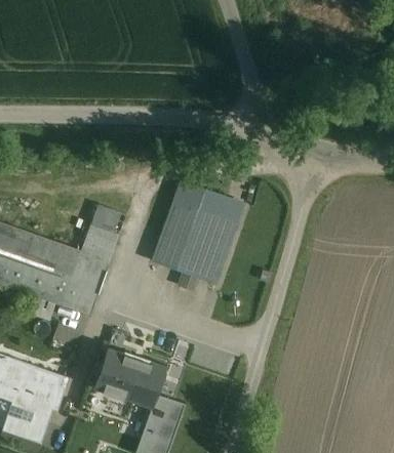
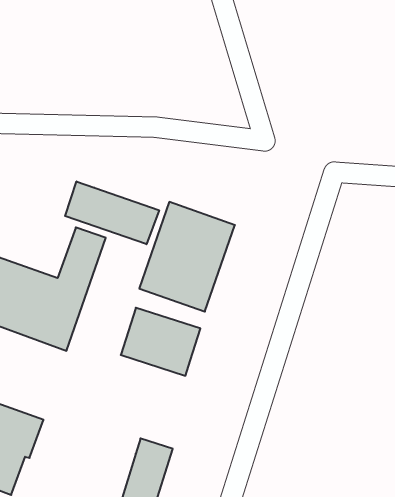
building: none -> [65,181,159,244]
building: [93,346,164,407] -> [121,308,200,376]

